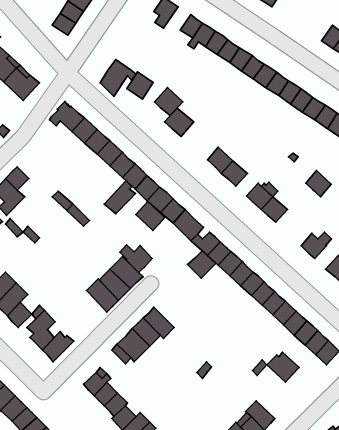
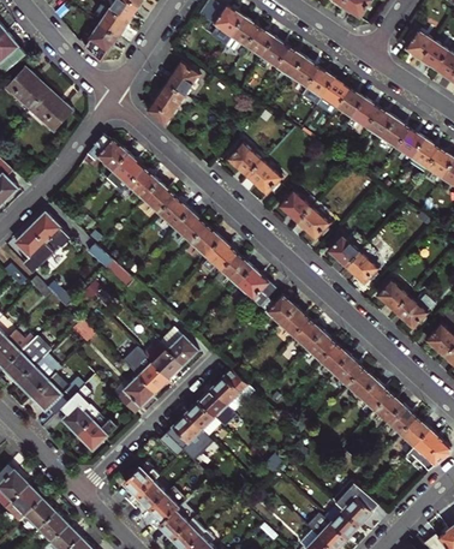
building: none -> [225,17,258,49]
building: none -> [401,28,432,59]
building: [127,72,153,99] -> [166,61,198,95]
building: [155,87,183,116] -> [246,159,281,193]
building: [306,170,331,197] -> [376,279,407,311]
building: [104,181,135,214] -> none
building: [136,202,165,230] -> none
building: [120,245,152,272] -> none
building: [188,251,216,278] -> [213,370,247,404]
building: none -> [118,376,155,413]
building: [267,352,299,382] -> [339,487,378,524]

